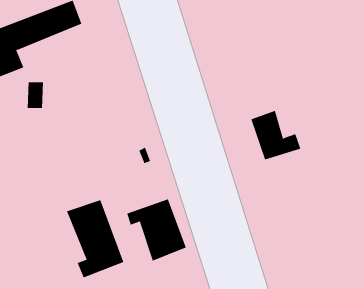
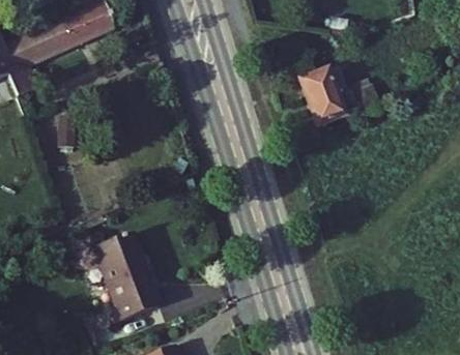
building: [250,110,301,160] -> [304,71,363,129]
building: [127,198,186,261] -> none

